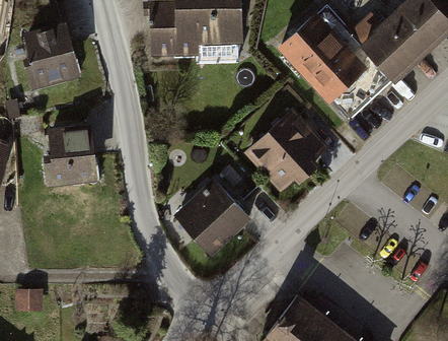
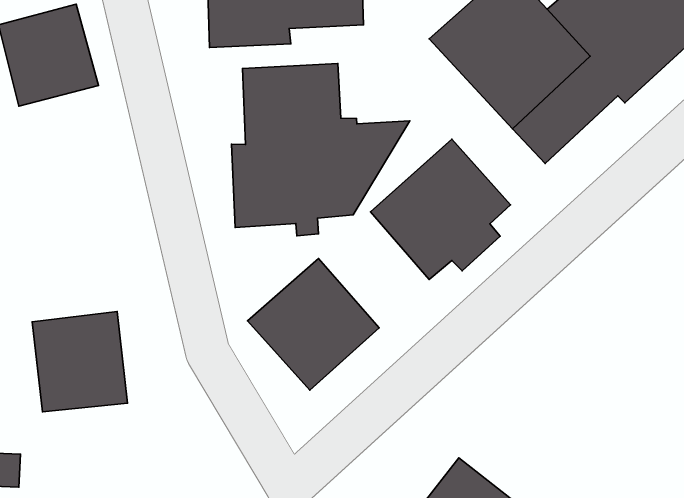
building: none -> [231,63,410,236]
building: [46,129,101,188] -> [32,311,127,412]

